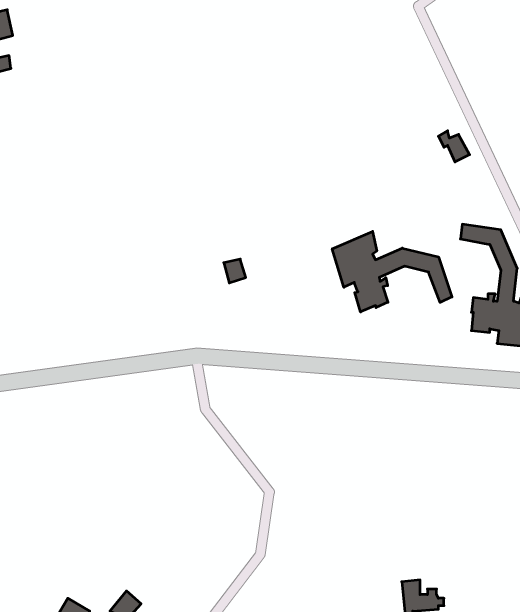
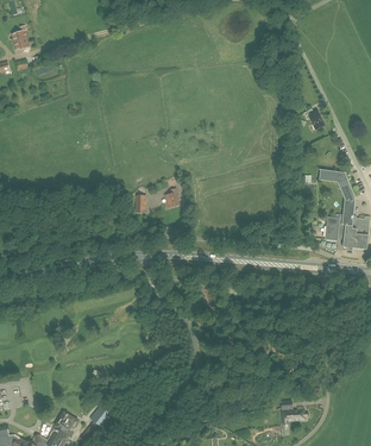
building: [332,231,452,312] -> none

